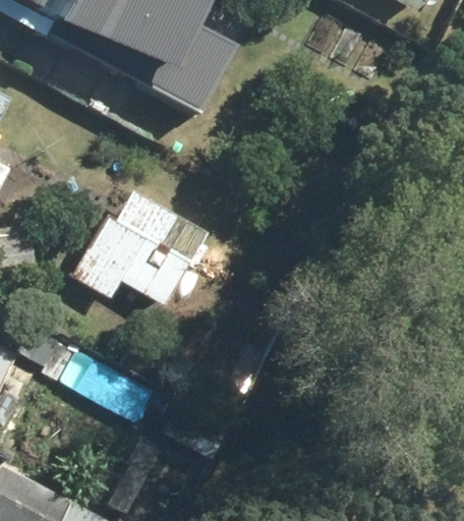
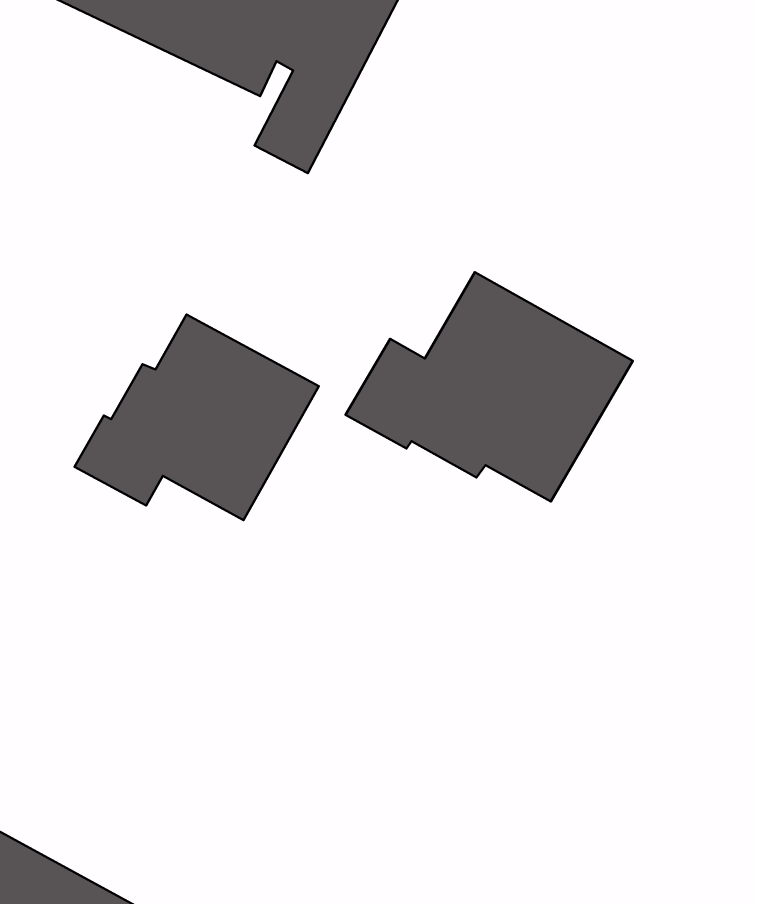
building: none -> [345,272,633,501]

